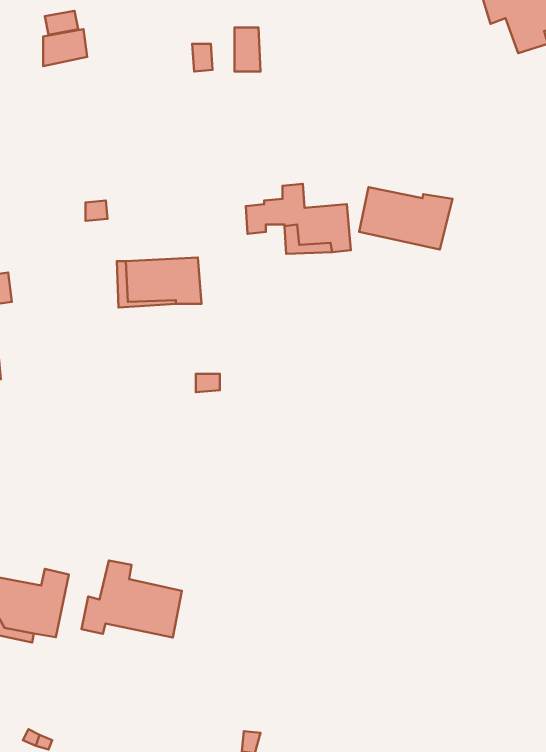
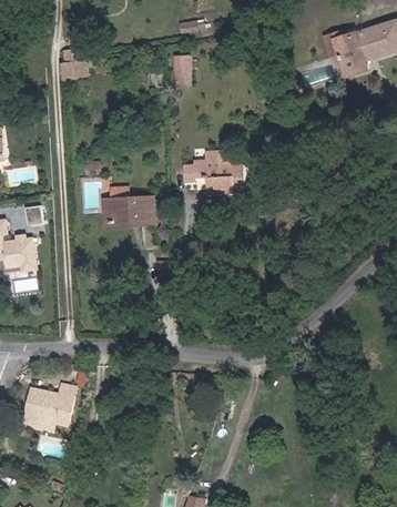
building: [359,187,453,249] -> none
building: [82,560,182,638] -> none

